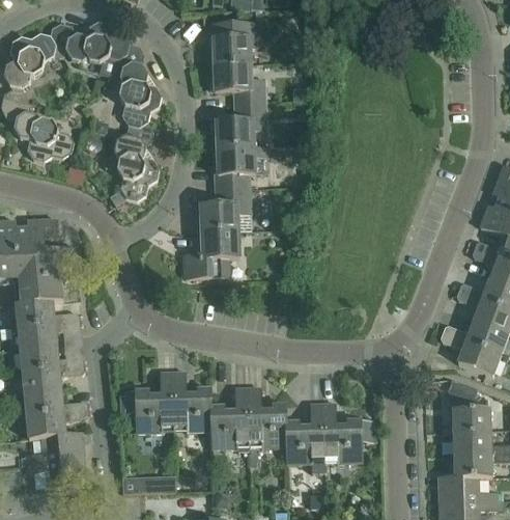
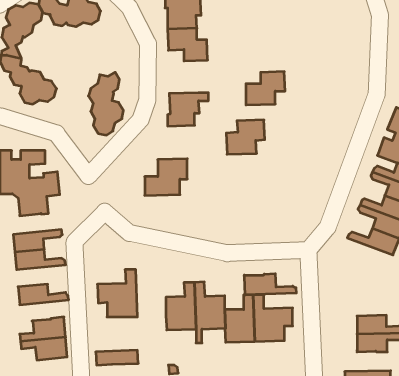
building: [117,43,160,126] -> none
building: [216,105,265,147] -> [246,72,285,105]
building: [200,188,249,231] -> [226,120,265,154]
building: [16,300,79,327] -> none
building: [441,331,500,375] -> none
building: [22,365,84,393] -> none
building: [173,372,211,432] -> none
building: none -> [244,274,296,295]
building: [452,400,491,431] -> none
building: [26,410,88,439] -> none
building: [438,474,497,501] -> none

